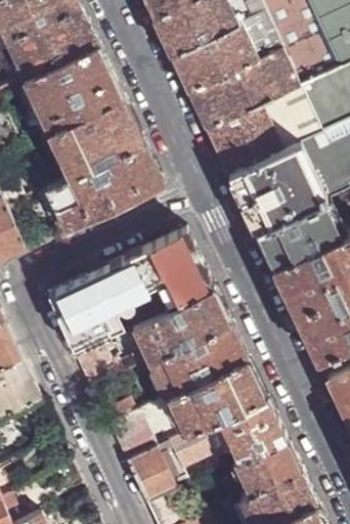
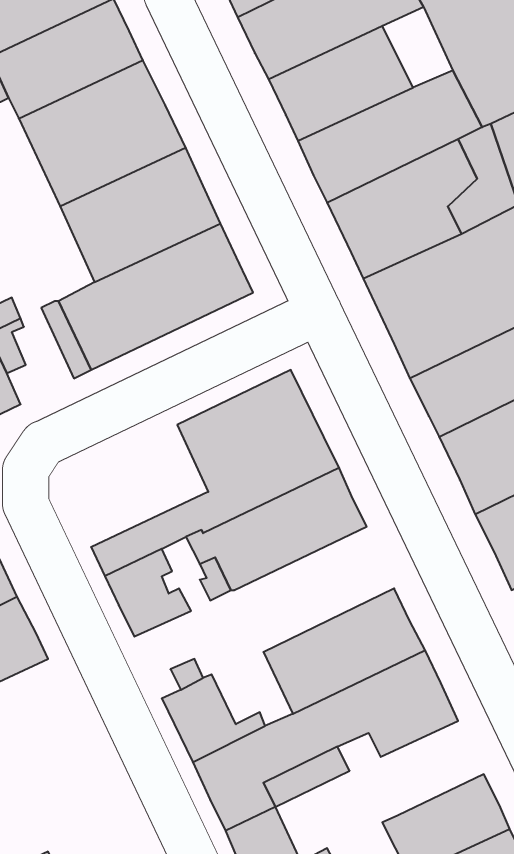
building: [46,259,134,332] -> none
building: [149,319,245,394] -> none
building: [231,435,298,491] -> none

